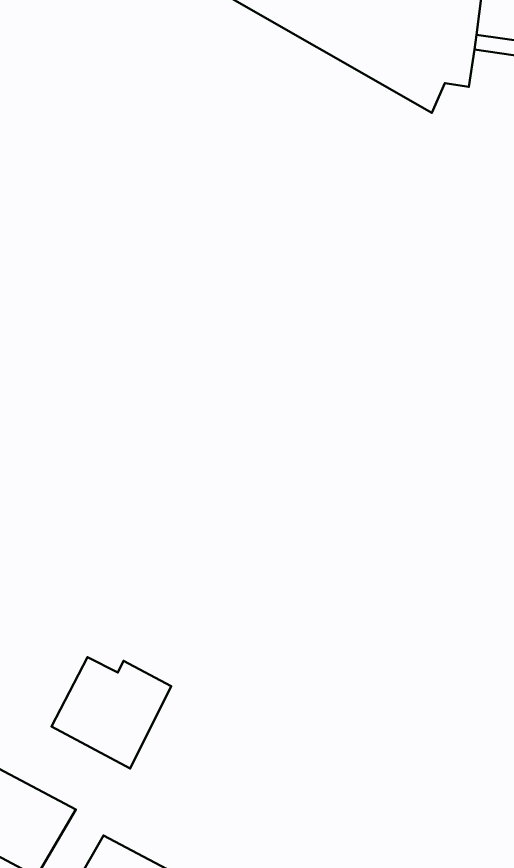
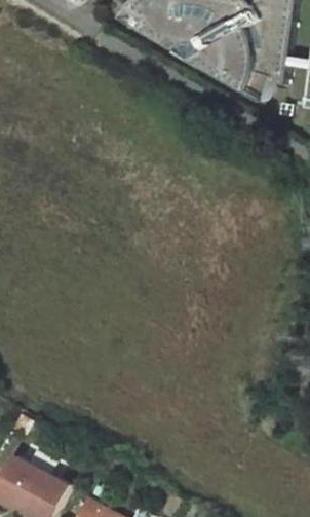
building: [51,657,171,768] -> none

